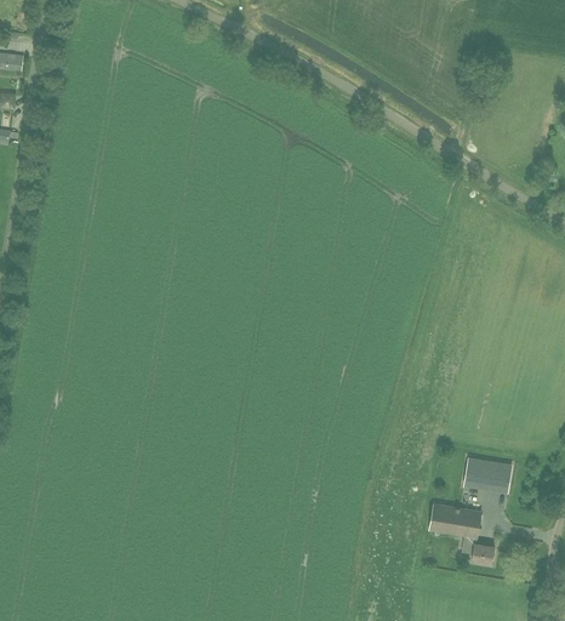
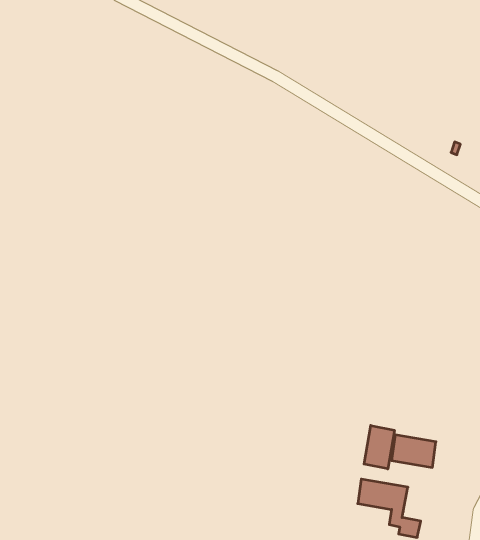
building: none -> [364,425,394,469]

